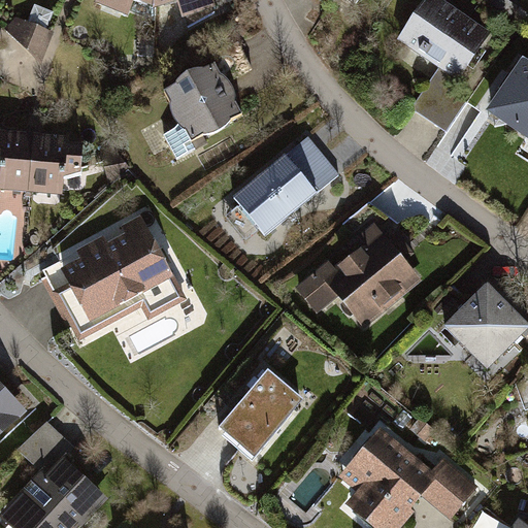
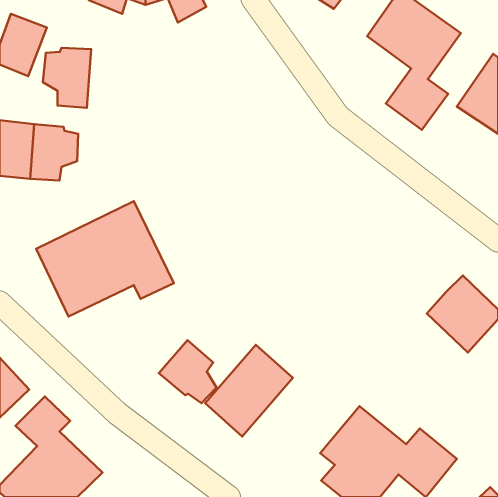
building: none -> [43,48,91,108]
building: [160,57,248,142] -> none
building: [225,132,343,242] -> none
building: [294,217,430,331] -> none
building: none -> [159,340,216,403]

